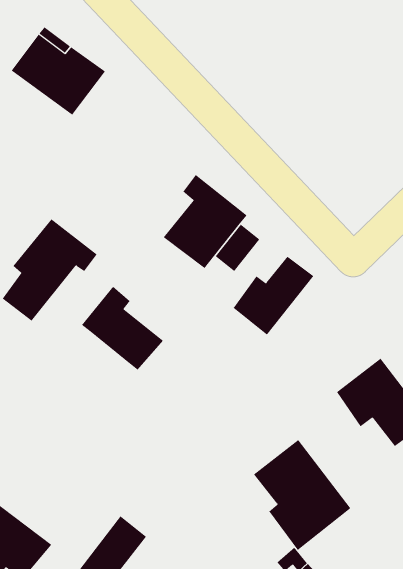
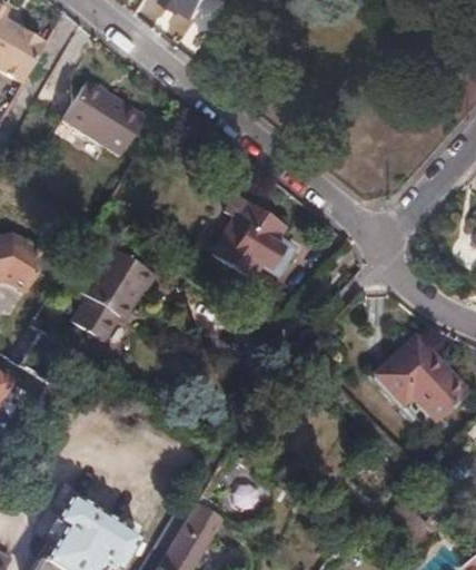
building: [233,256,314,335] -> none
building: [81,286,164,371] -> none
building: [253,439,351,551] -> none

